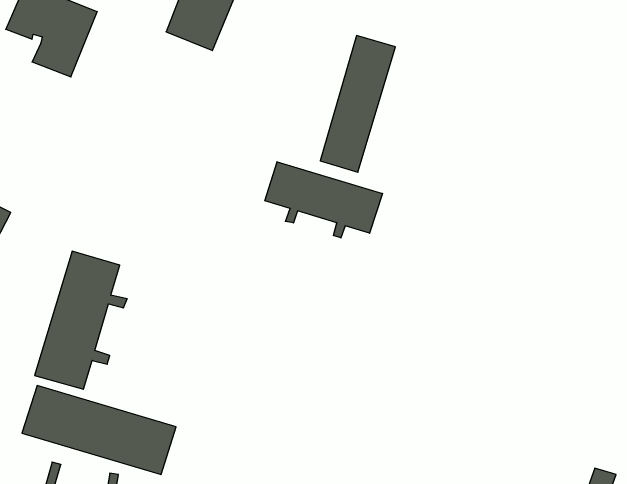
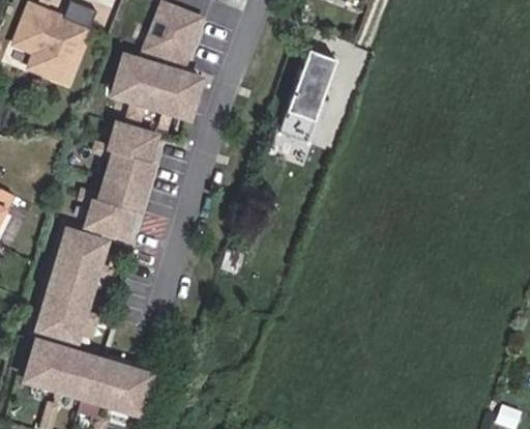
building: none -> [112,53,201,125]
building: none -> [81,121,156,235]
building: [265,162,382,238] -> none

